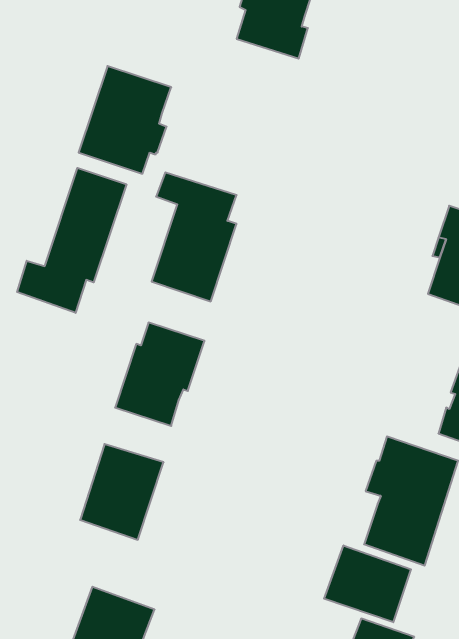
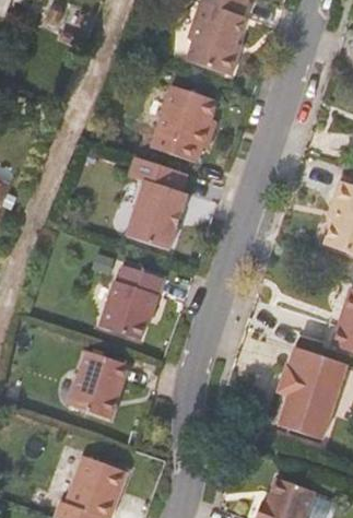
building: [79,66,171,174] -> [151,84,217,162]
building: [17,168,126,313] -> none
building: [324,545,411,622] -> none

